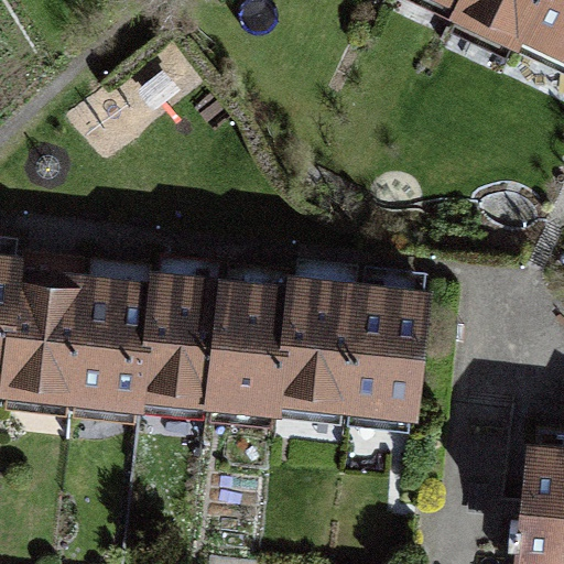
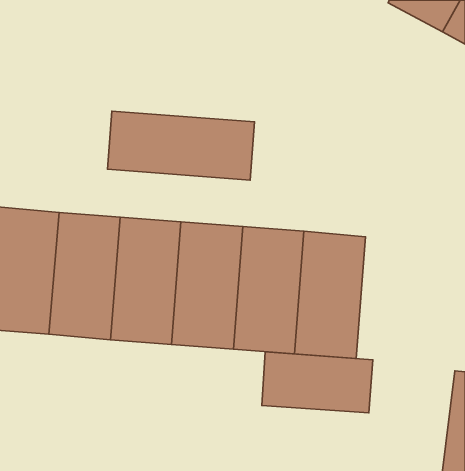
building: none -> [108,111,255,180]
building: none -> [262,352,373,413]

